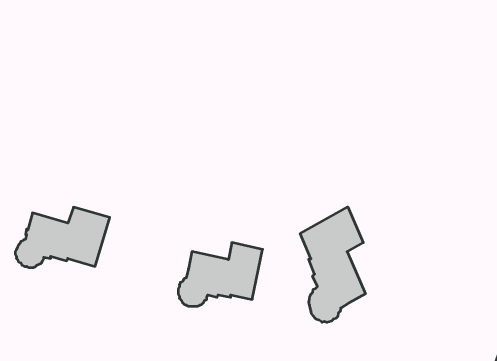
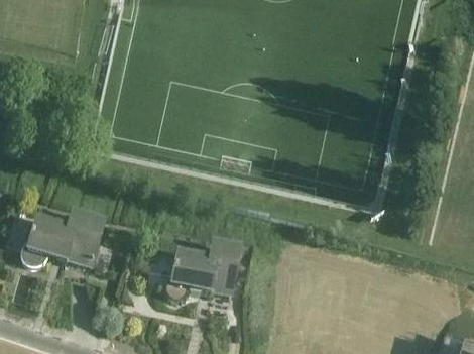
building: [300,207,365,322] -> none

